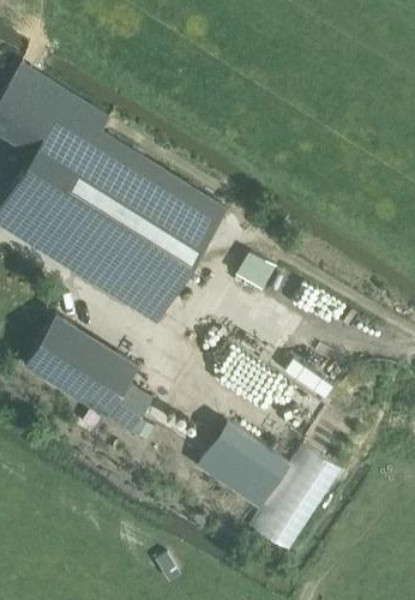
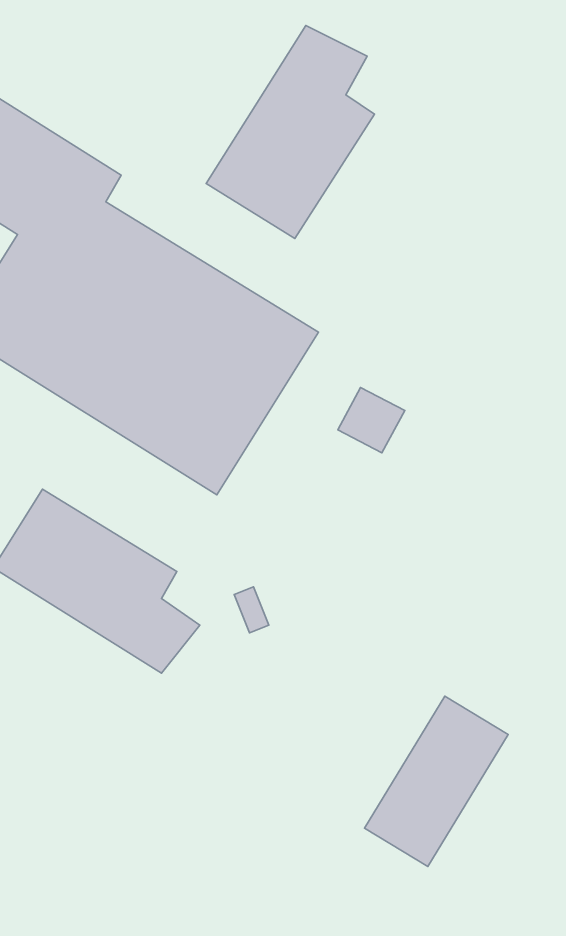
building: none -> [206,25,375,238]
building: [197,421,287,506] -> none

